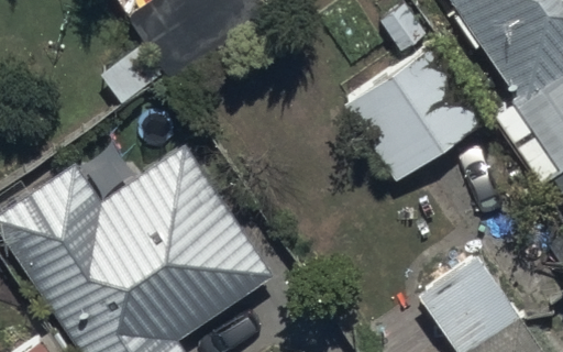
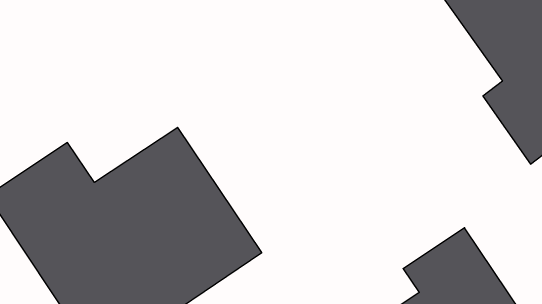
building: [346,42,490,180] -> none

